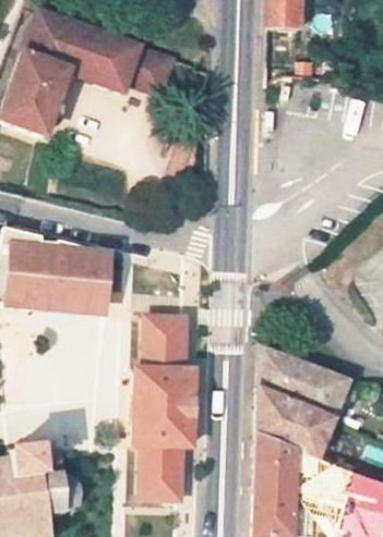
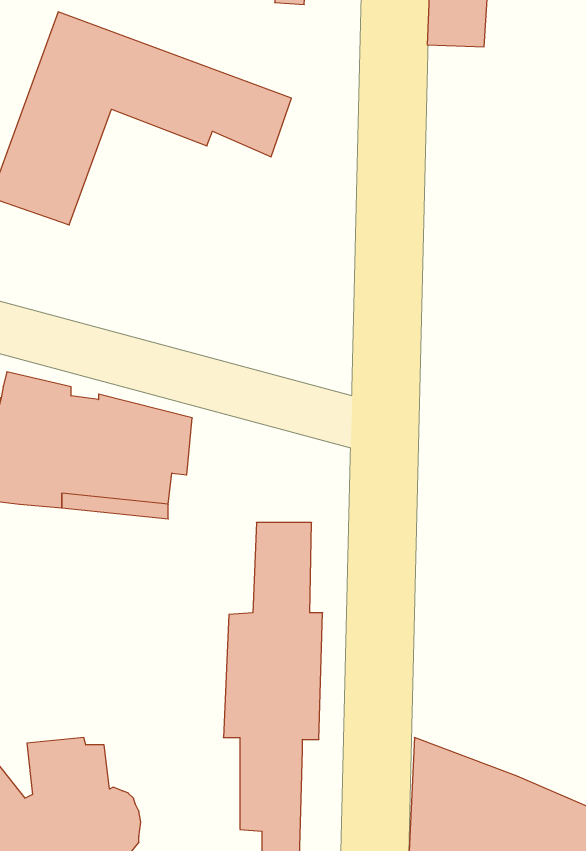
building: [251,343,343,465] -> none

